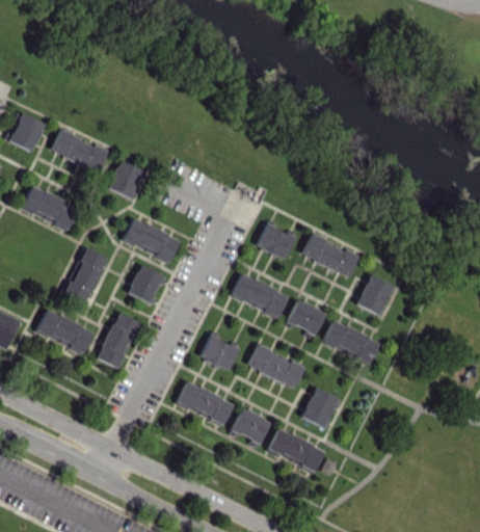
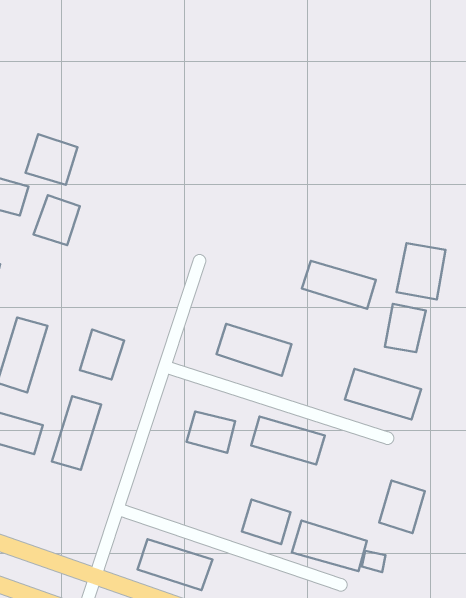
building: none -> [26,134,77,185]
building: [123,217,181,262] -> none
building: [258,224,295,259] -> none
building: none -> [397,243,445,300]
building: [288,299,326,335] -> none
building: [178,381,235,425] -> [138,539,213,590]
building: [302,387,340,428] -> [379,481,425,533]

